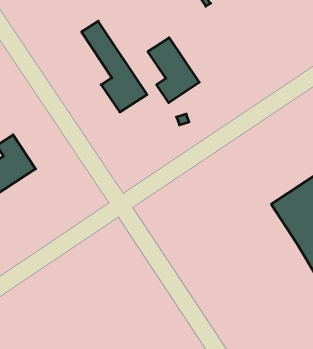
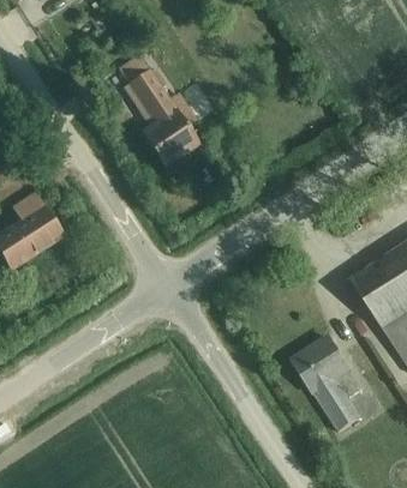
building: [148,38,199,103] -> none
building: none -> [293,336,363,430]

